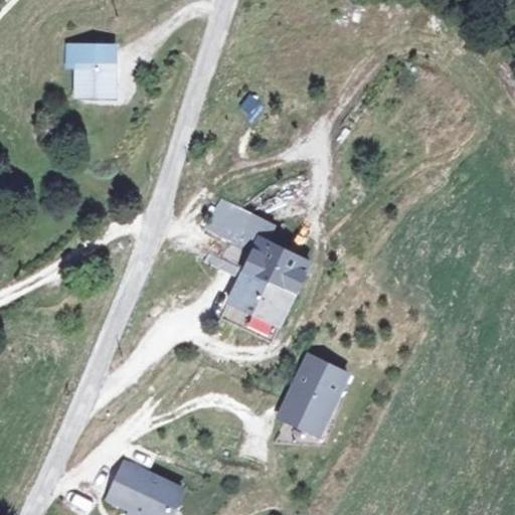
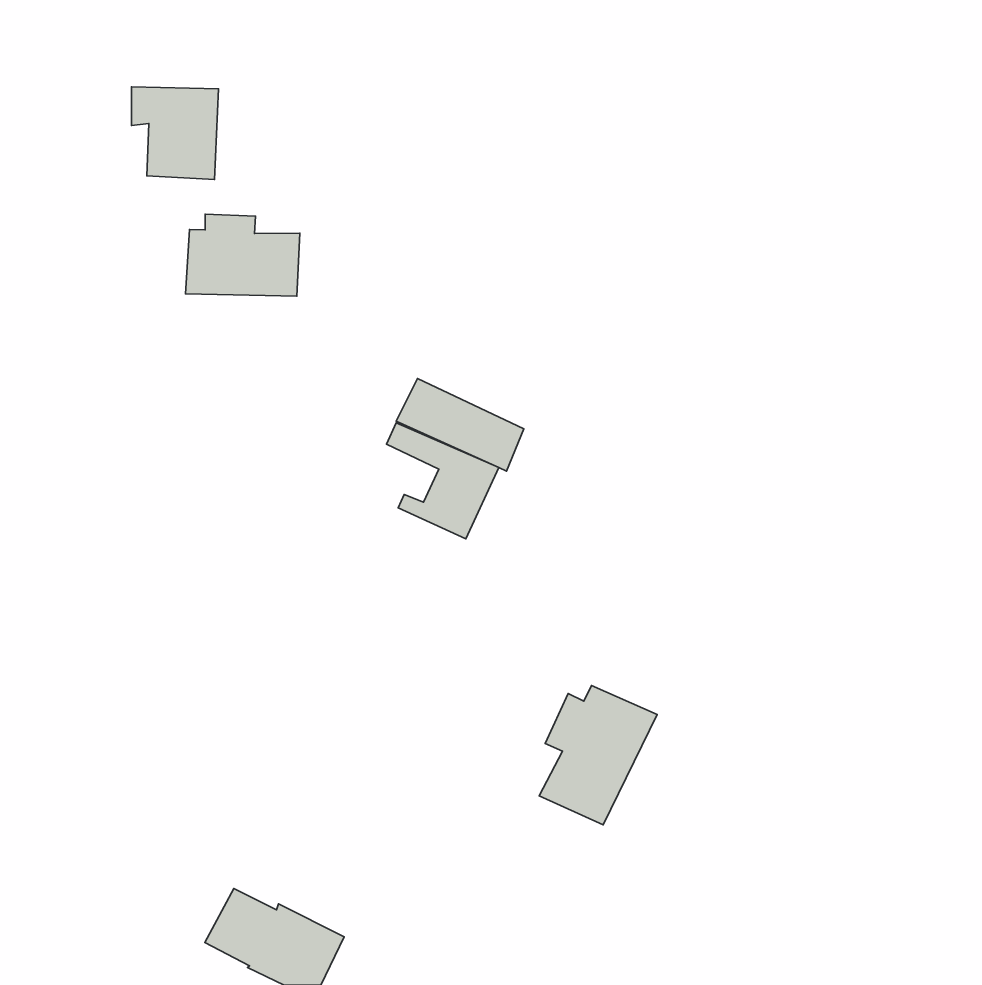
building: none -> [186,214,300,296]
building: [234,243,310,327] -> none

